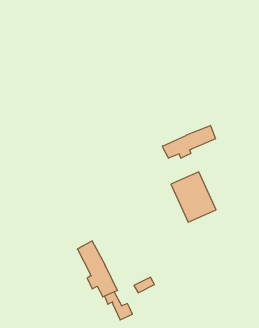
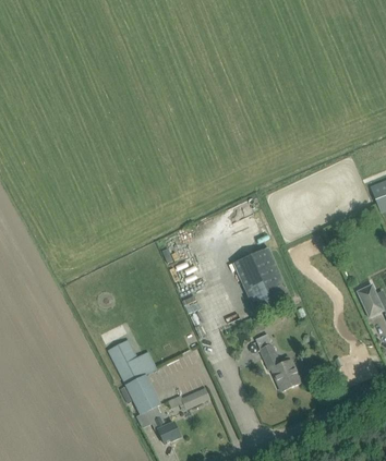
building: [162,125,215,158] -> none
building: none -> [256,333,303,392]

